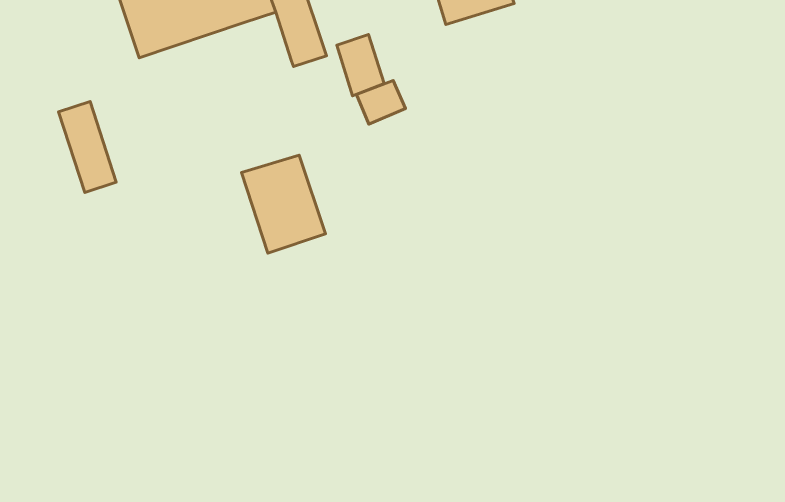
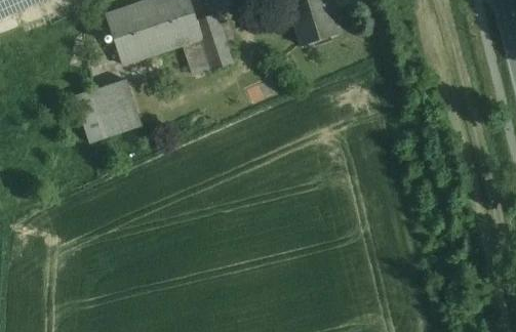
building: [337,35,384,96] -> [183,37,210,73]
building: [241,155,326,253] -> [92,79,142,136]

